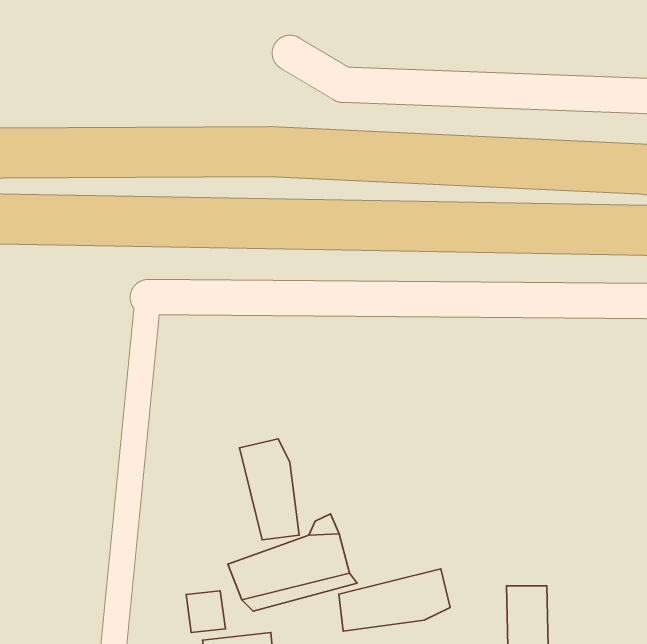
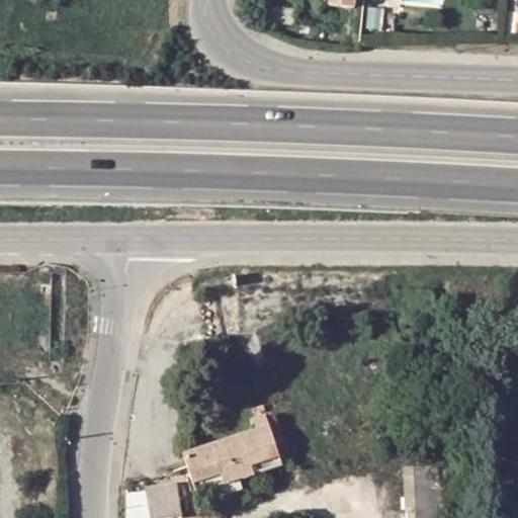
building: [240,439,299,540] -> none
building: [339,569,450,631] -> none

